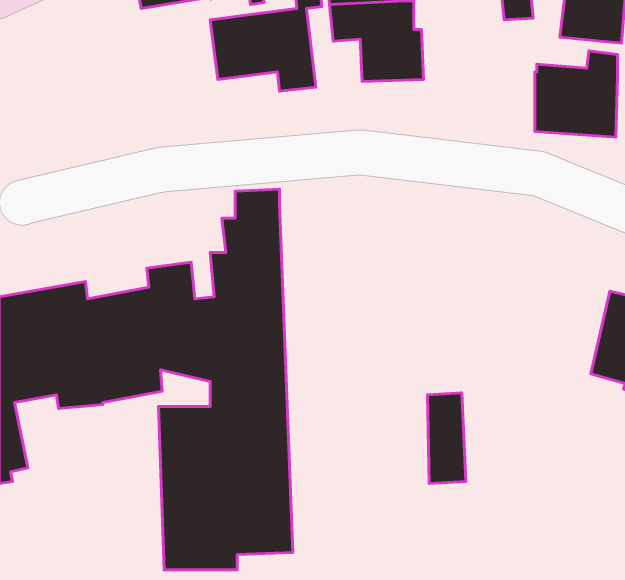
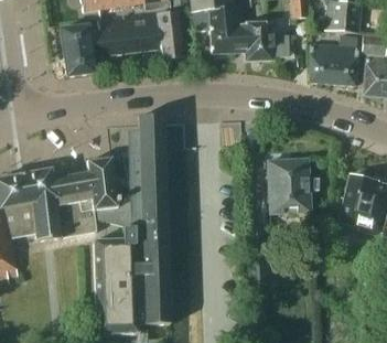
building: none -> [58,18,127,76]
building: none -> [244,22,288,60]
building: none -> [267,158,310,213]

